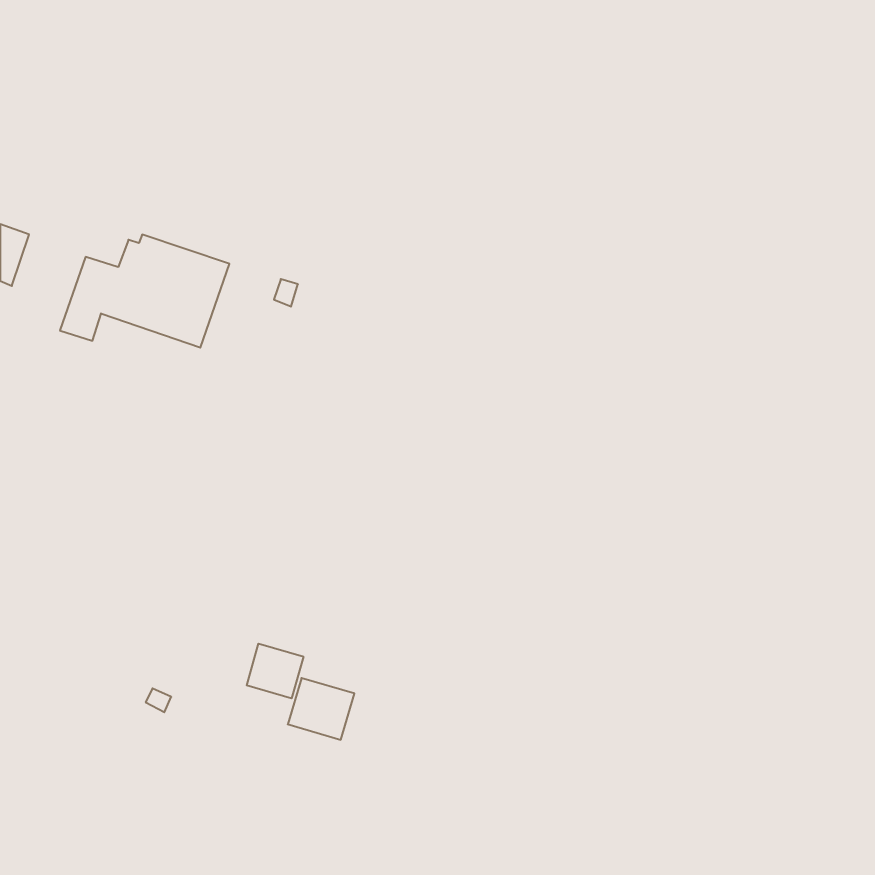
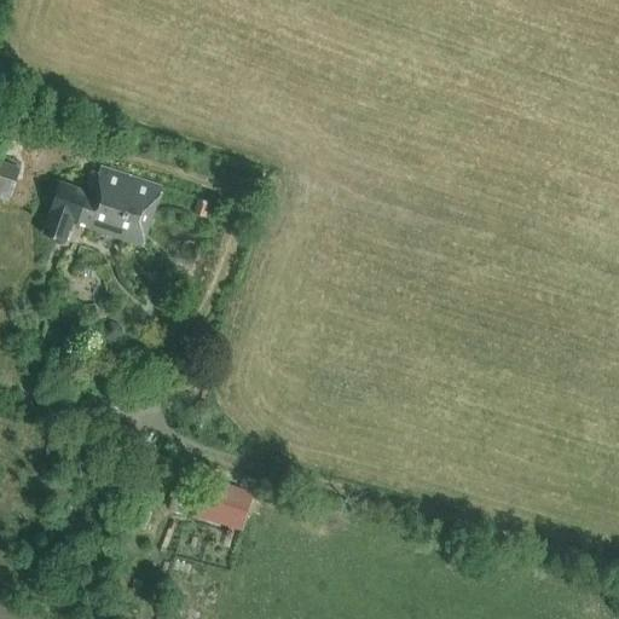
building: [247,644,303,698] -> none

